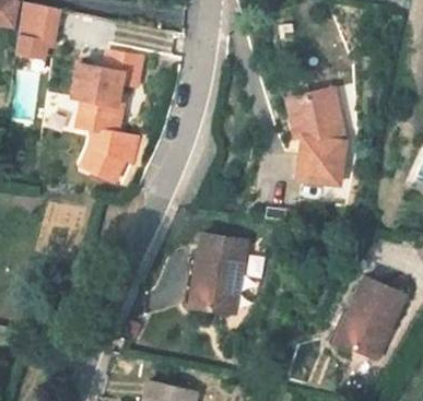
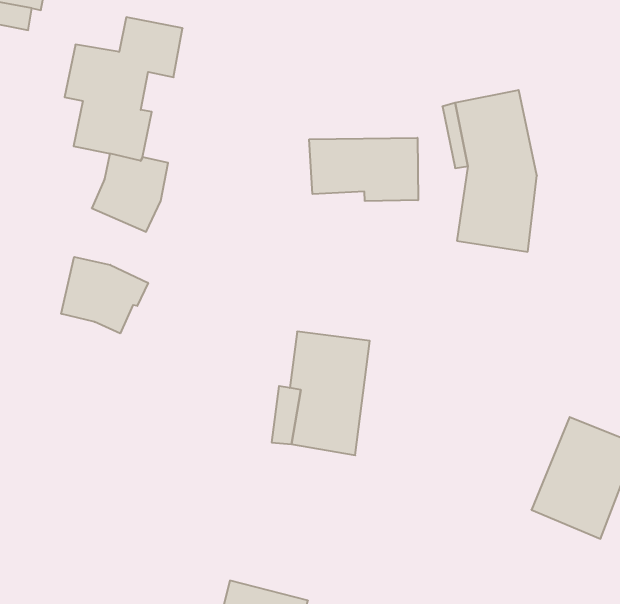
building: none -> [309,138,418,201]
building: none -> [61,257,148,333]

